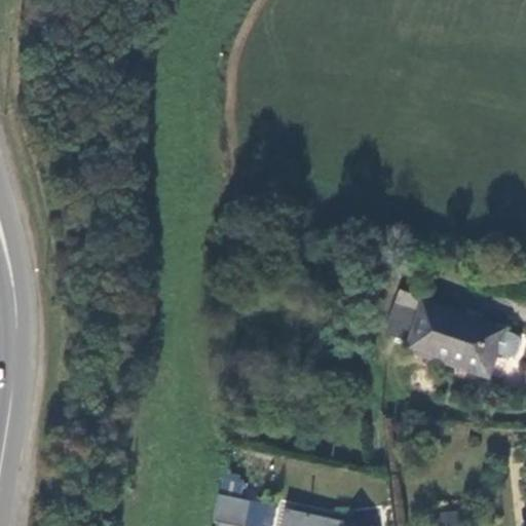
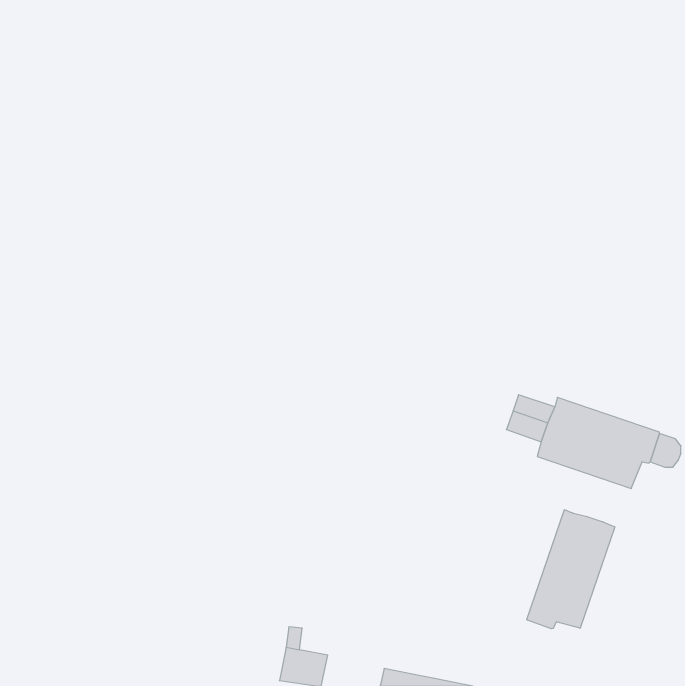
building: none -> [527,510,615,629]

